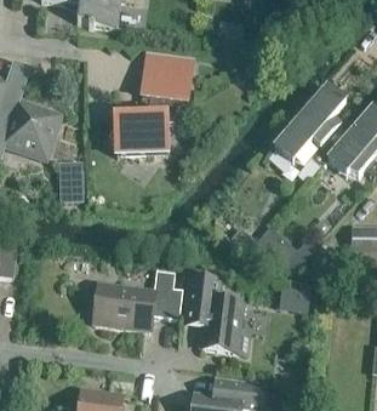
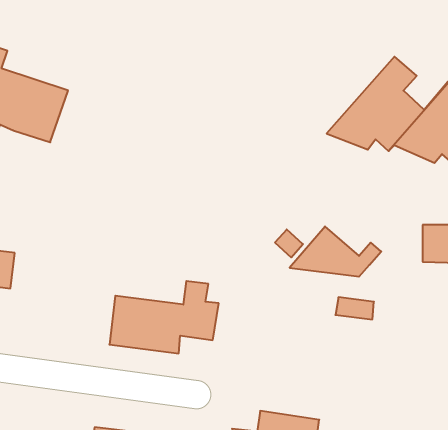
building: [108,52,192,155] -> none
building: [58,160,84,205] -> none
building: [183,276,249,352] -> none

